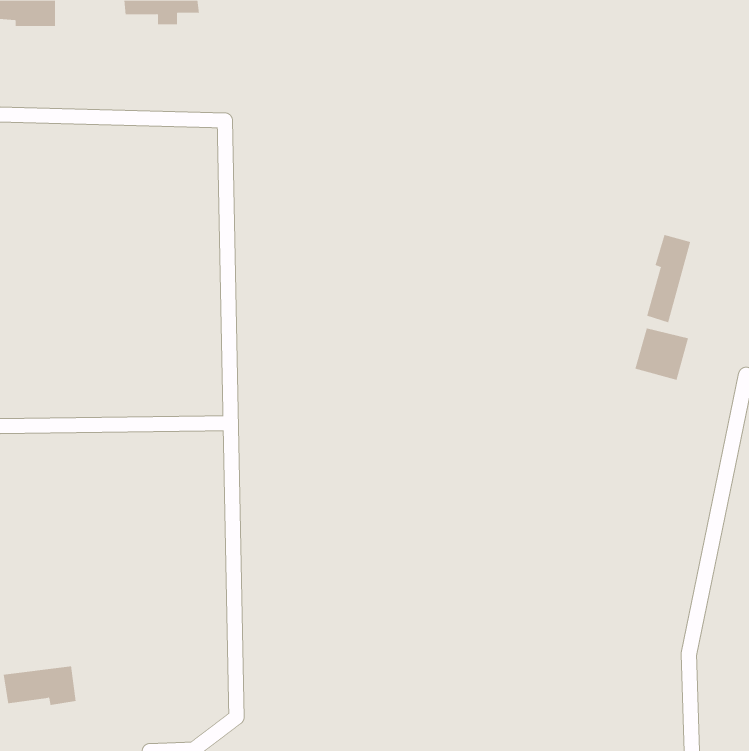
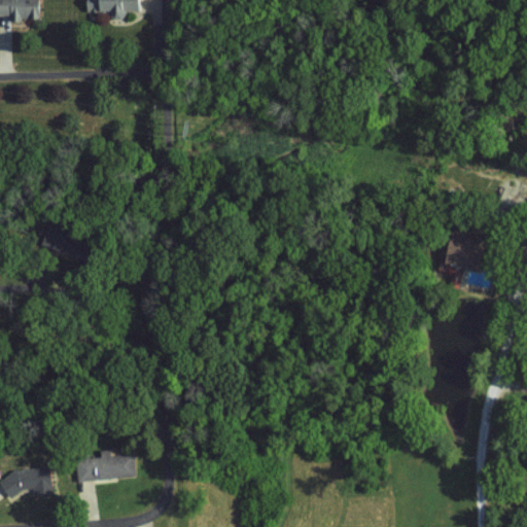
building: [646,234,691,323] -> none
building: none -> [75,453,135,482]

